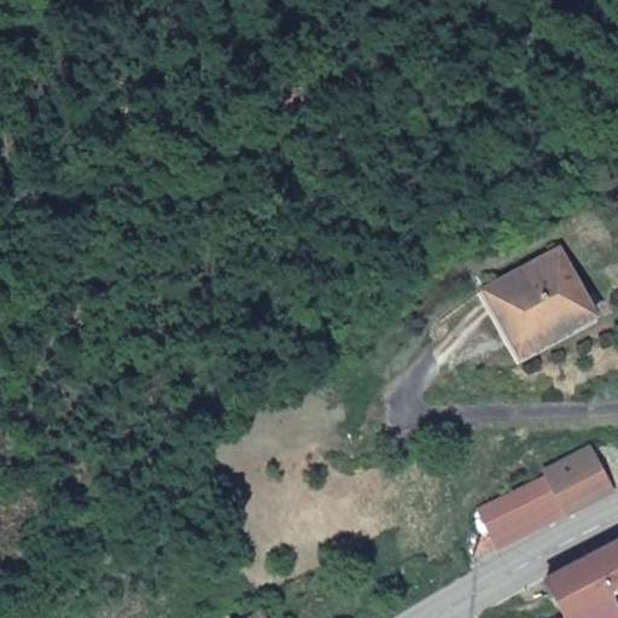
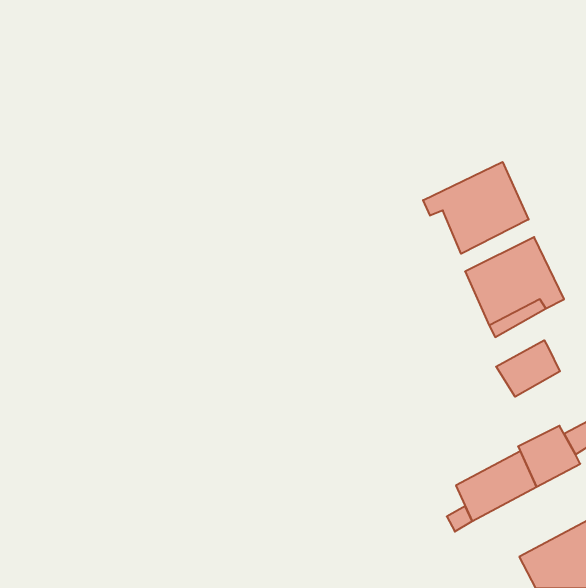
building: none -> [423,162,529,254]
building: none -> [496,340,560,397]

